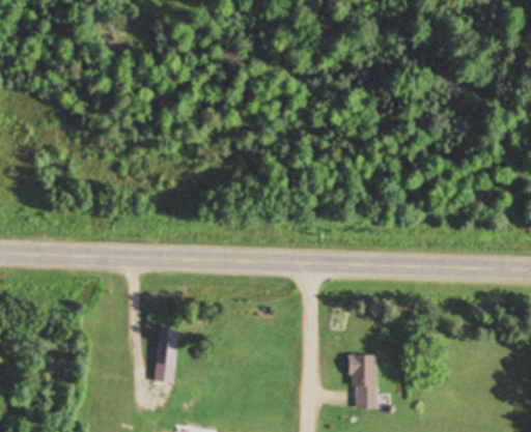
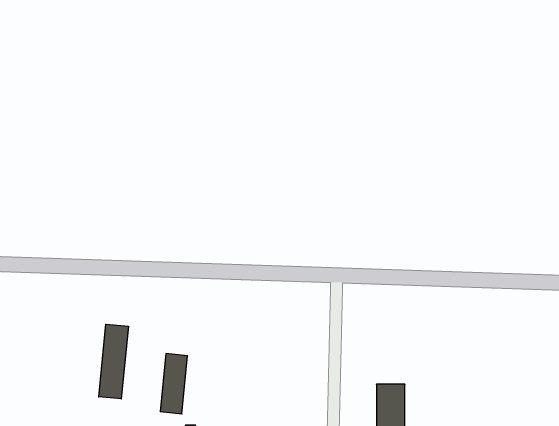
building: none -> [99,324,128,399]

